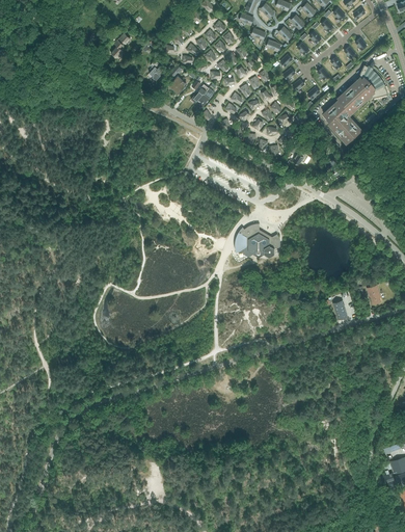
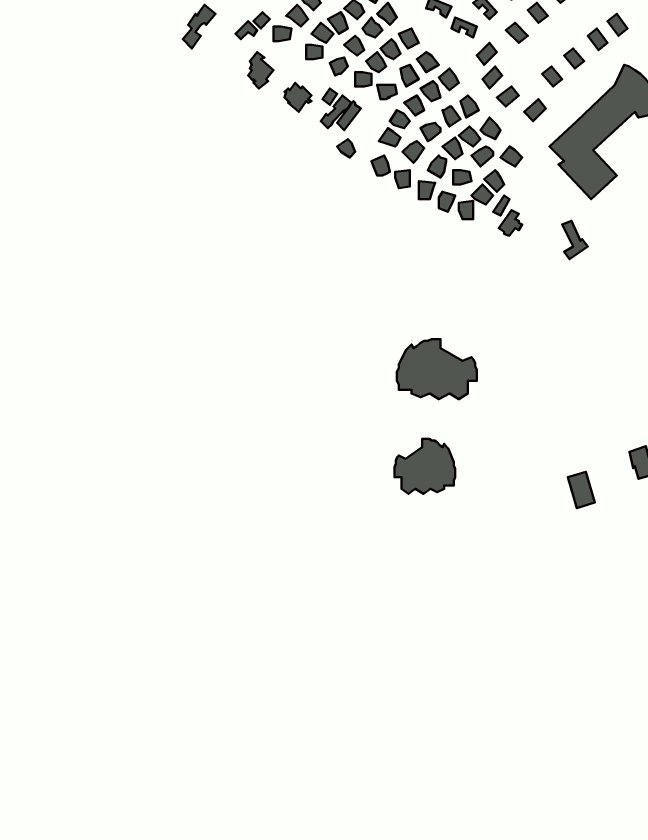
building: none -> [395,439,455,494]

